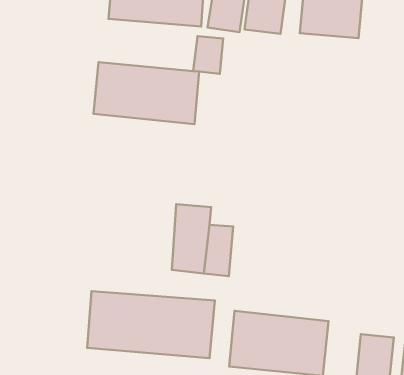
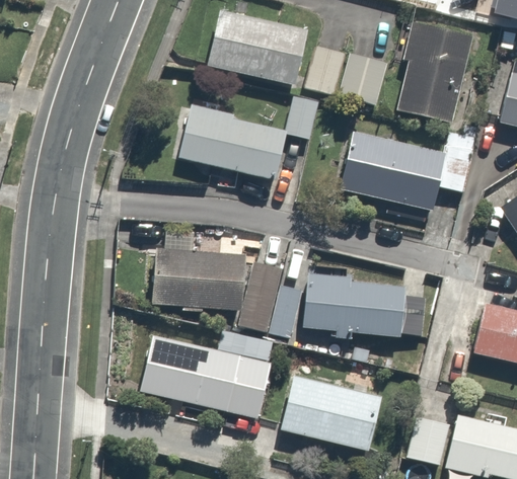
building: none -> [338,119,476,210]
building: none -> [153,254,248,305]
building: none -> [302,274,427,338]

